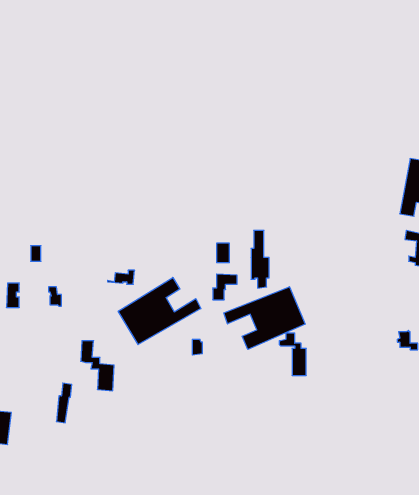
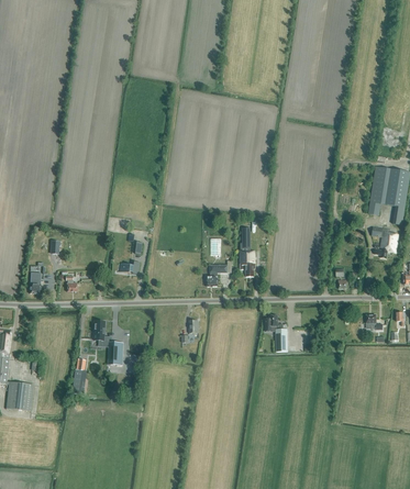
building: [118,277,201,345] -> none
building: [224,287,305,349] -> none

